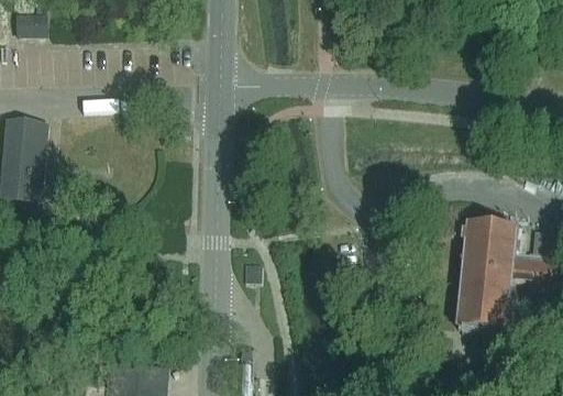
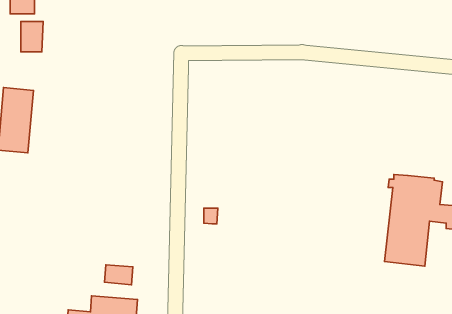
building: none -> [21,22,43,52]
building: none -> [104,265,133,285]

